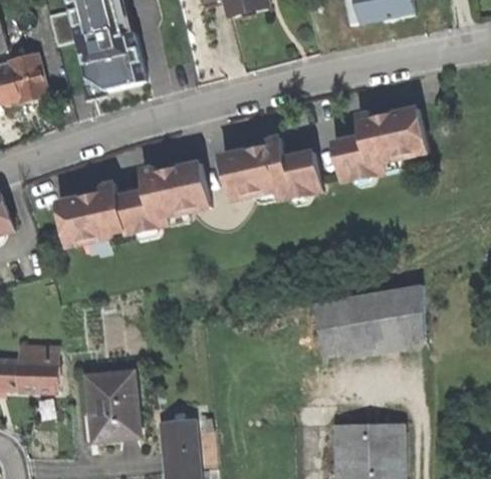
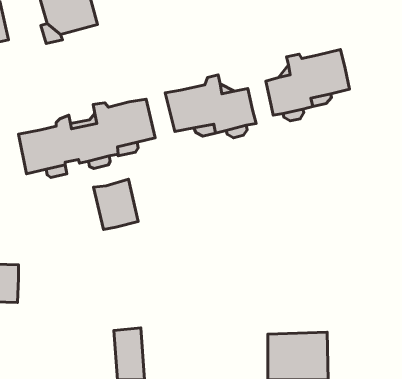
building: none -> [94,179,138,230]
building: [314,282,423,355] -> none
building: [85,371,139,441] -> none

